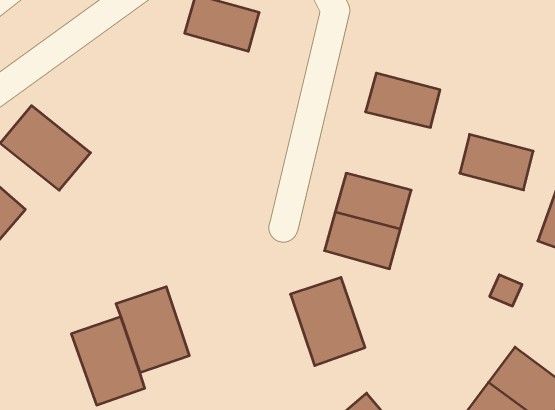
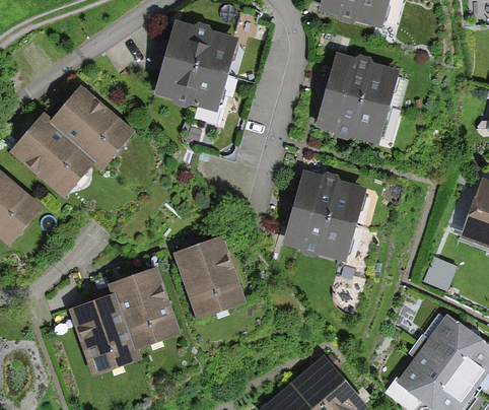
building: none -> [160,58,223,106]
building: none -> [51,90,129,165]
building: [460,134,533,190] -> [331,59,393,106]
building: [290,277,365,366] -> [178,240,240,314]

